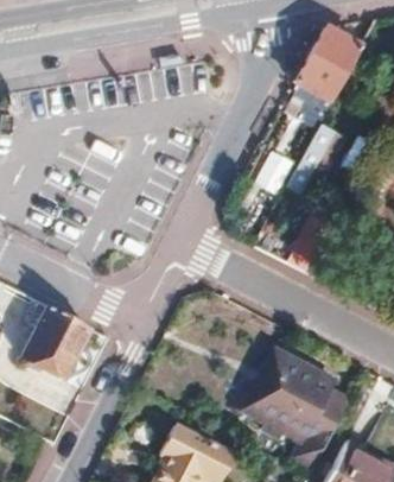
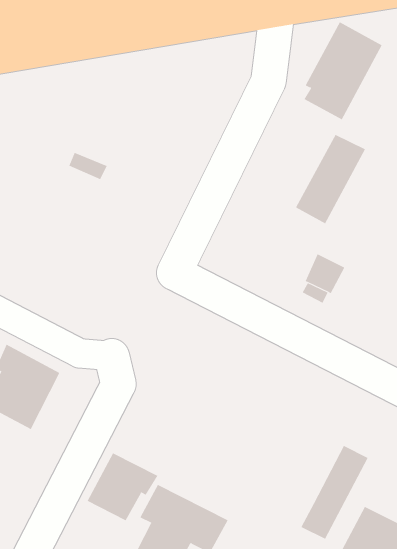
building: [249,349,333,439] -> none
building: none -> [87,452,158,521]

